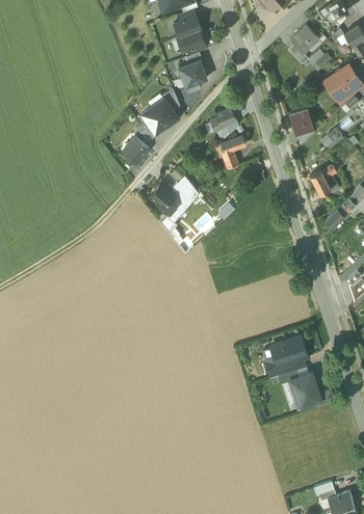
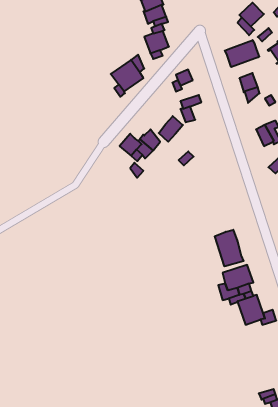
building: none -> [225,40,259,67]
building: [119,133,150,164] -> none
building: none -> [159,116,183,142]
building: none -> [215,230,244,266]

